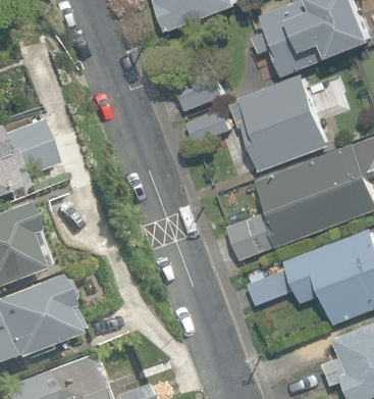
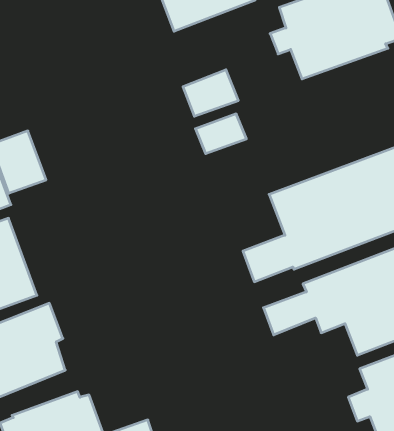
building: [229,74,328,170] -> none

